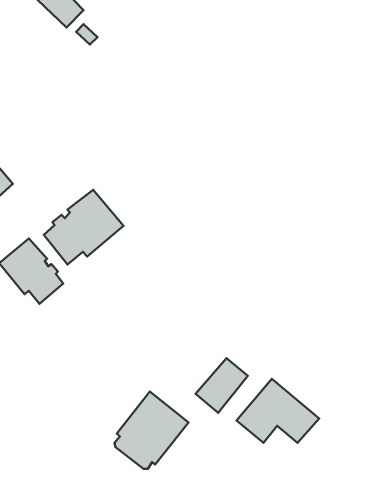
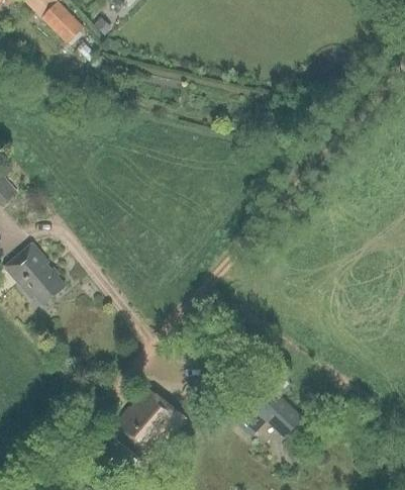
building: [44,190,124,264] -> none
building: [195,358,248,413] -> none

